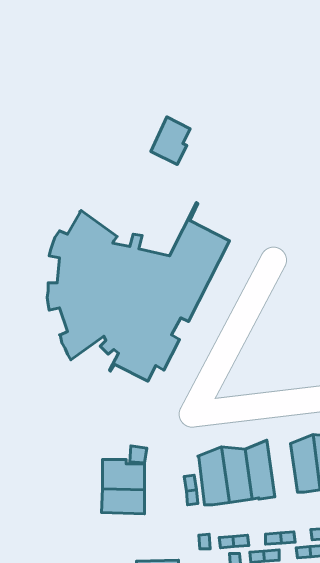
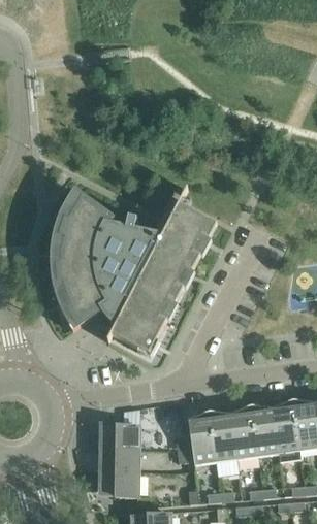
building: [151,117,190,165] -> none
building: none -> [251,405,279,457]
building: none -> [100,471,139,498]

